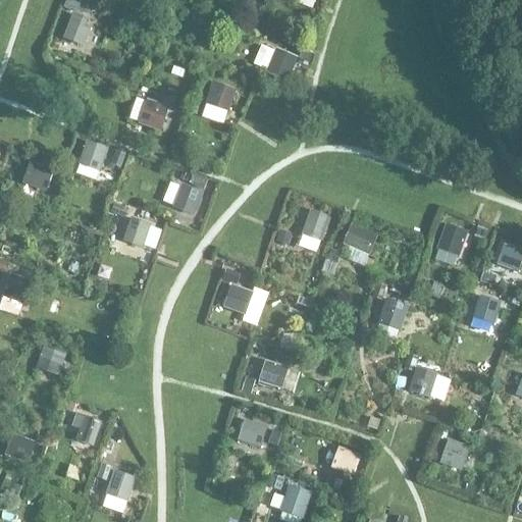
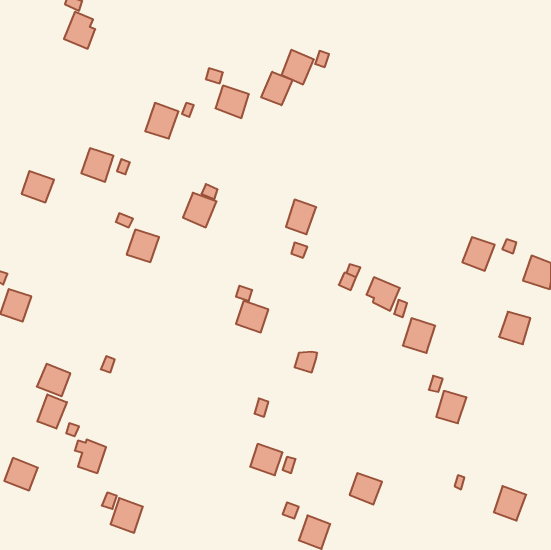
building: none -> [261,72,292,105]
building: [300,208,328,241] -> [286,200,316,234]
building: [343,223,374,255] -> [366,277,400,311]
building: [257,359,286,387] -> none
building: none -> [37,394,67,429]
building: [438,437,469,470] -> [494,486,526,521]

